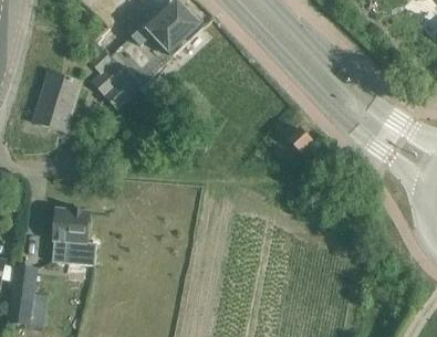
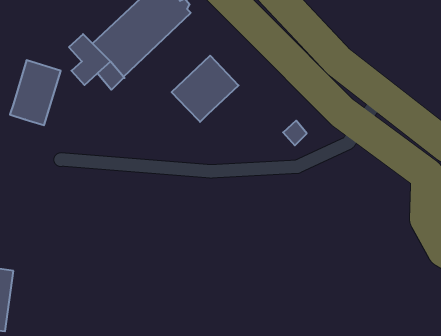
building: none -> [172,56,239,122]
building: [51,208,95,264] -> none

